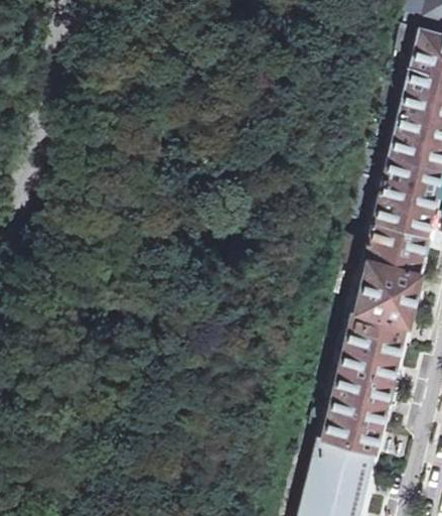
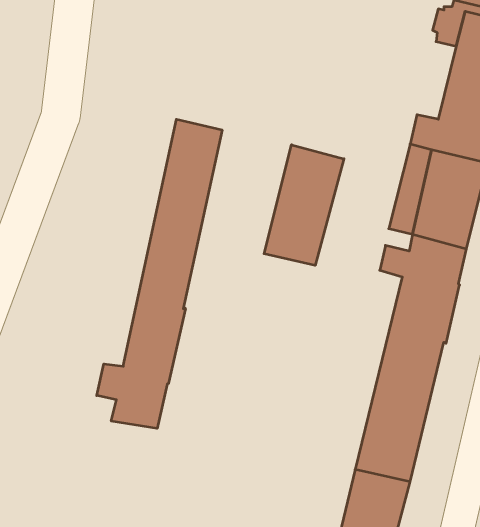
building: none -> [97,119,222,428]
building: none -> [264,145,344,265]

